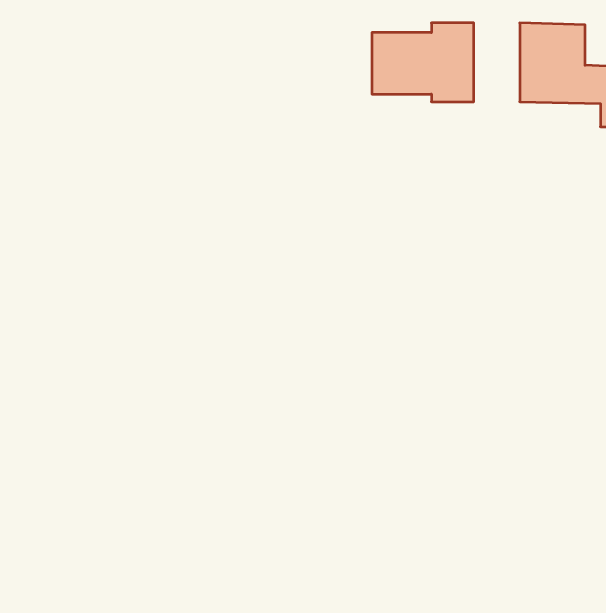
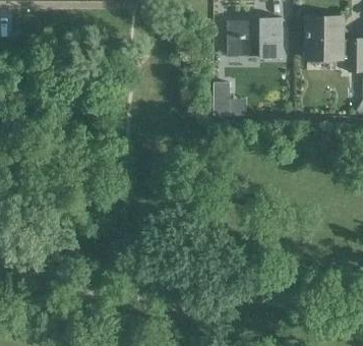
building: none -> [213,83,231,117]

